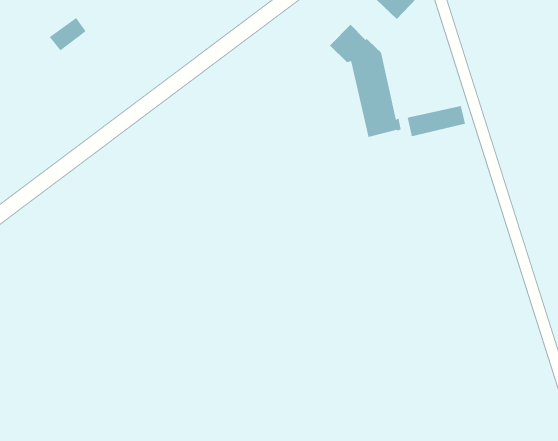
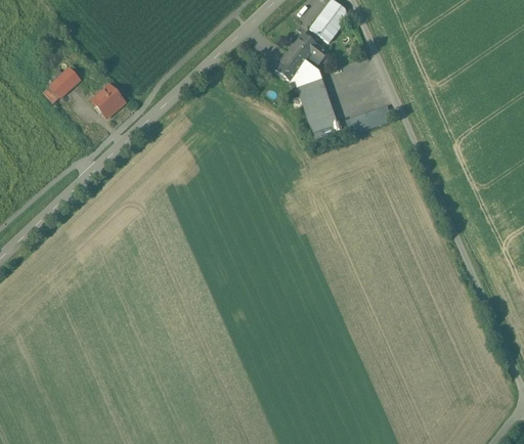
building: none -> [291,32,326,59]
building: none -> [91,85,124,117]

